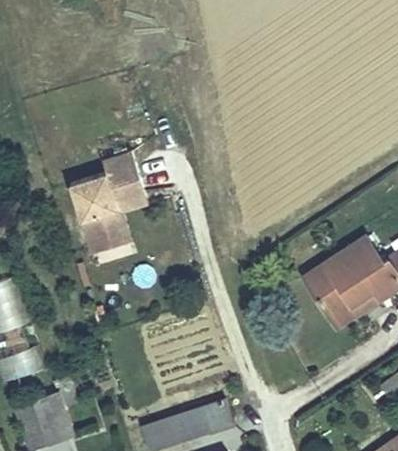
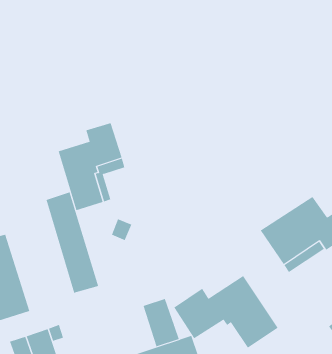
building: none -> [46,191,99,294]
building: none -> [173,275,278,348]
building: none -> [143,298,179,347]

